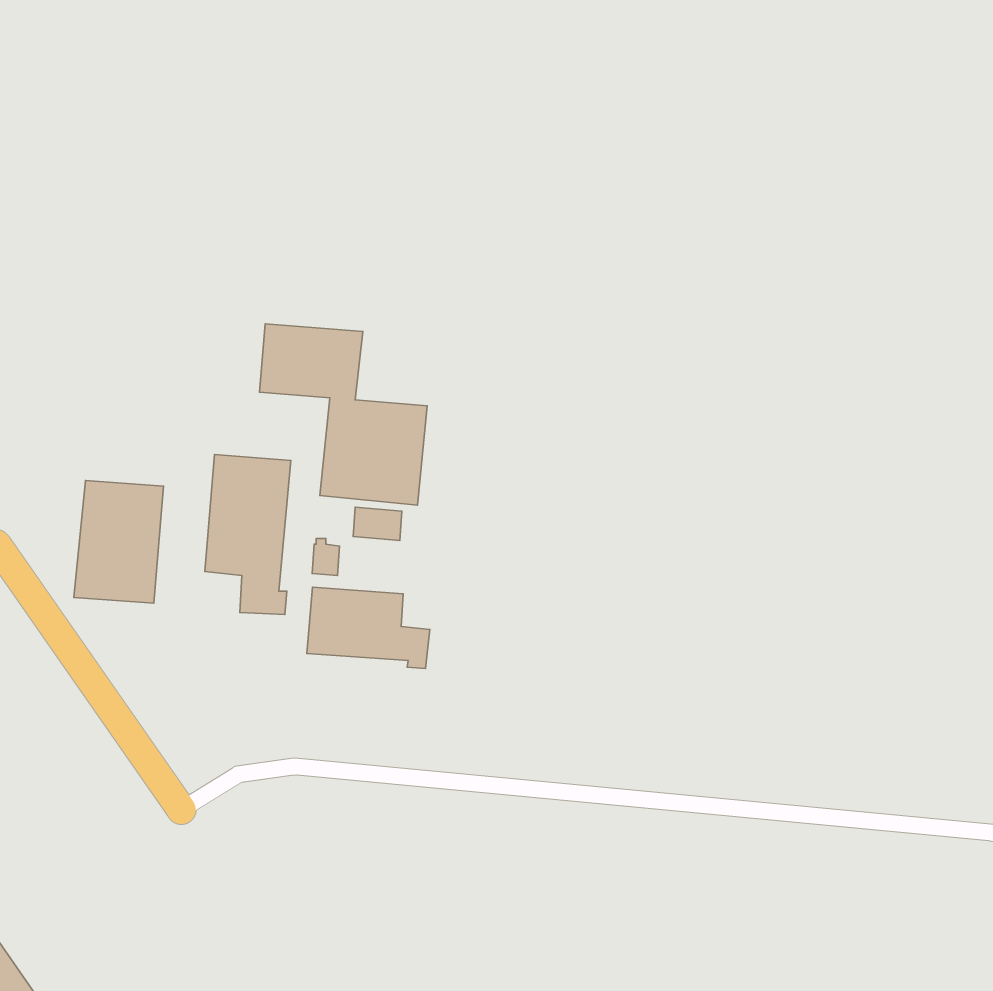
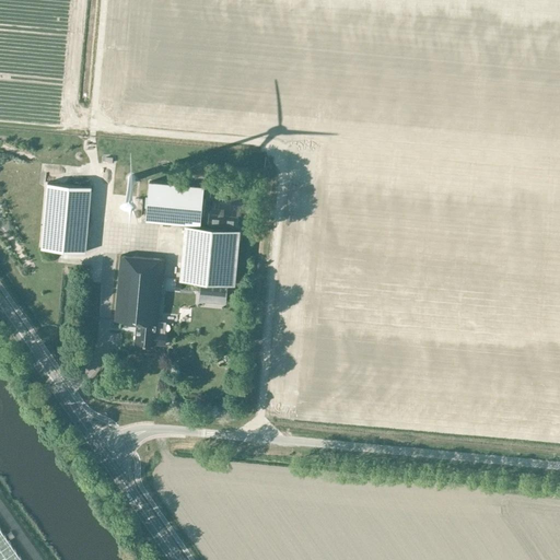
building: [74,480,164,603] -> [40,186,91,255]
building: [307,587,430,668] -> none

